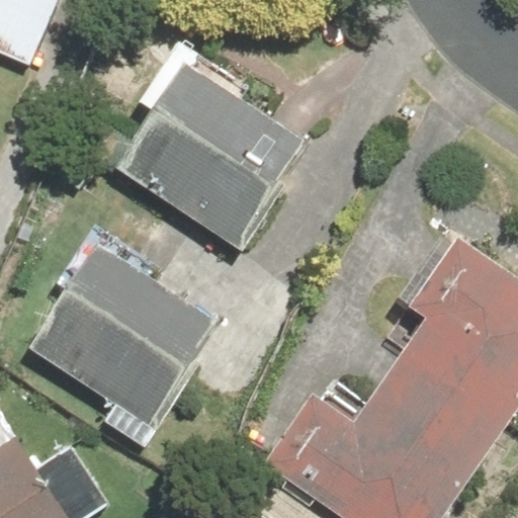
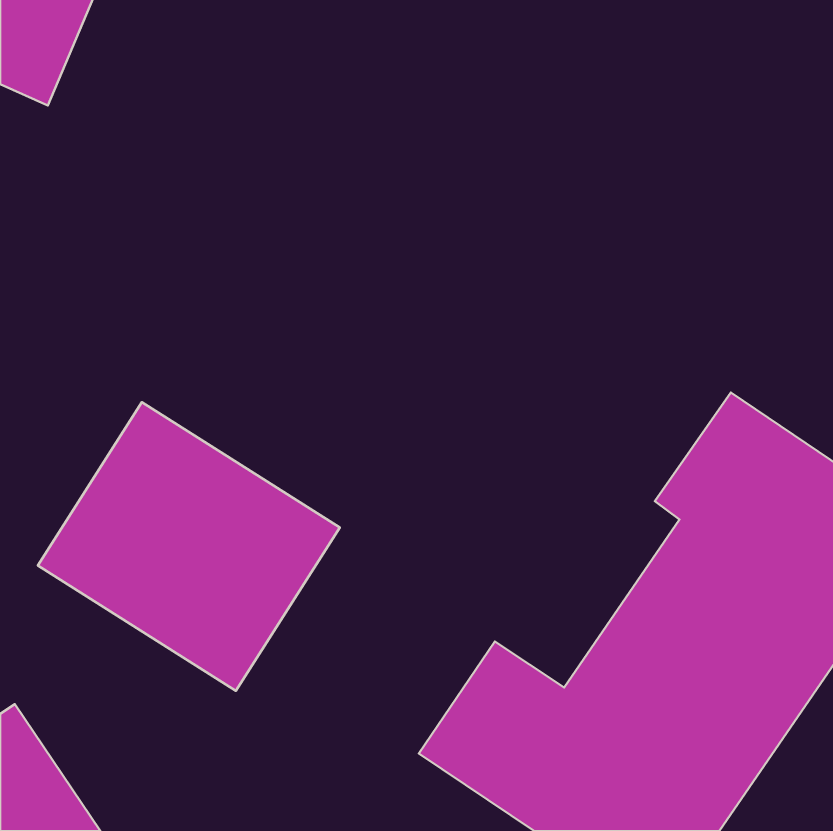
building: [114,65,304,246] -> none

